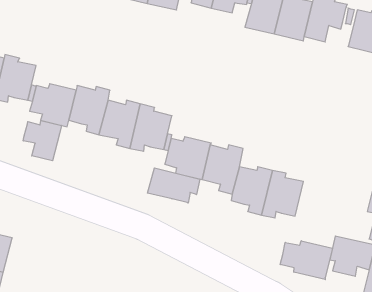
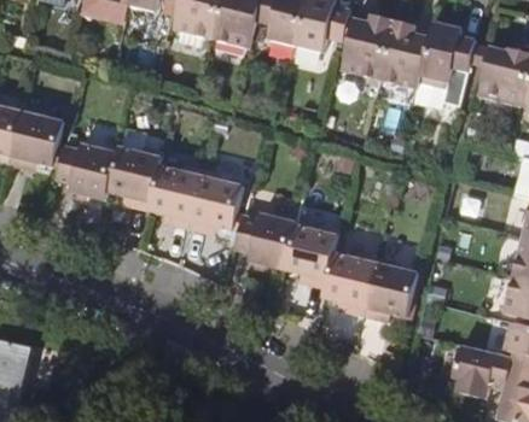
building: [23,120,62,161] -> none
building: [147,168,200,203] -> none
building: [280,241,333,280] -> none

